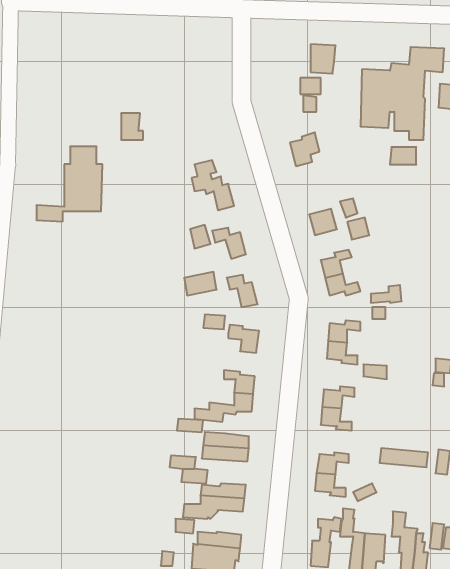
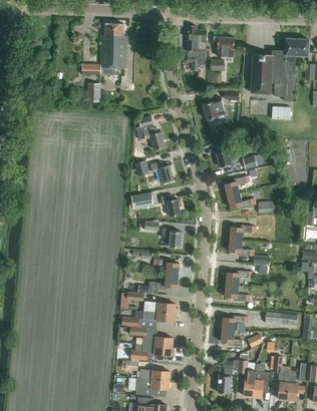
building: none -> [187,26,206,71]
building: [36,147,102,221] -> [81,24,126,75]

